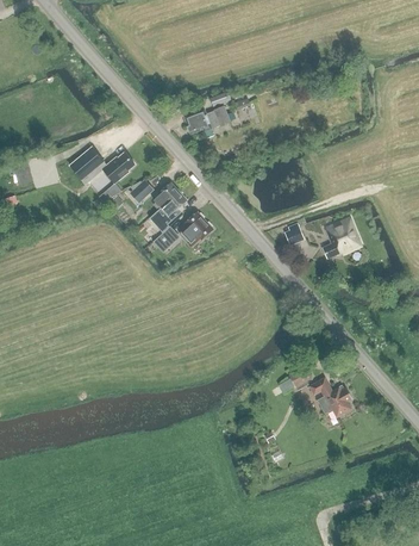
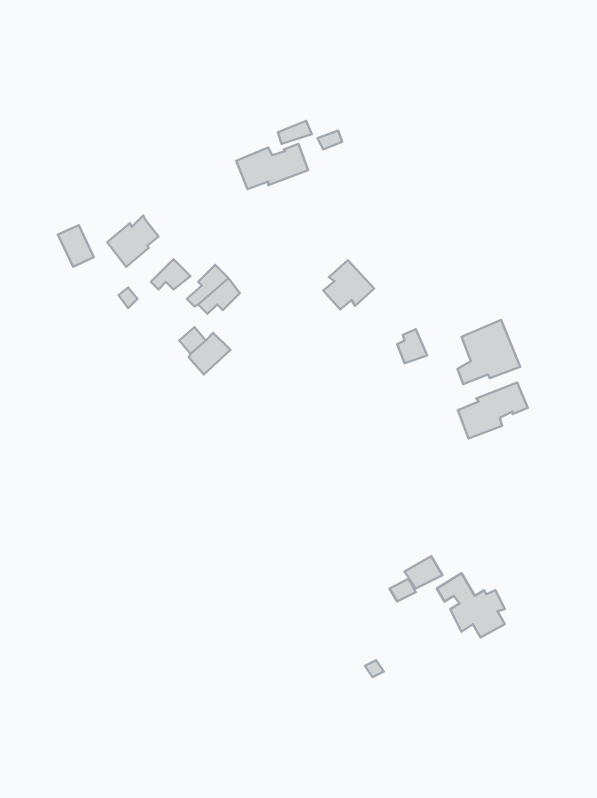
building: [180,209,212,240] -> [323,260,374,309]
building: none -> [458,382,528,438]

